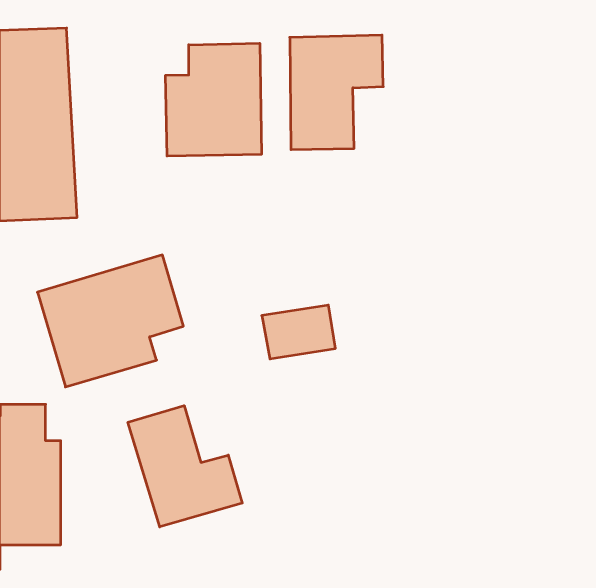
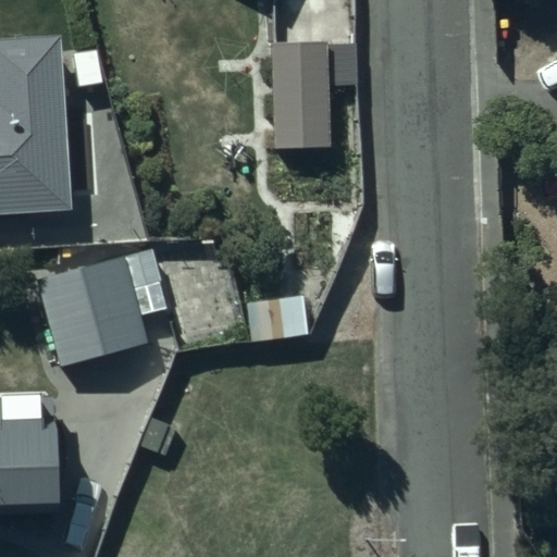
building: [166,43,261,156] -> none
building: [128,406,242,527] -> none

